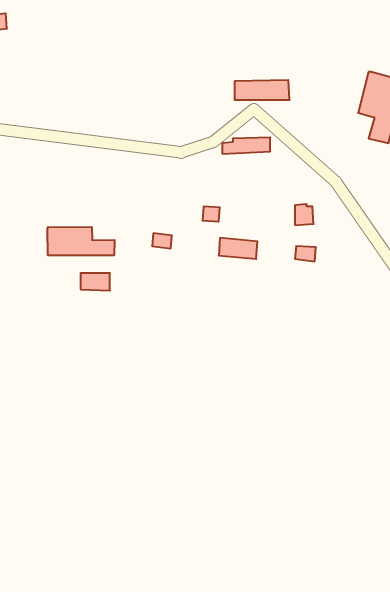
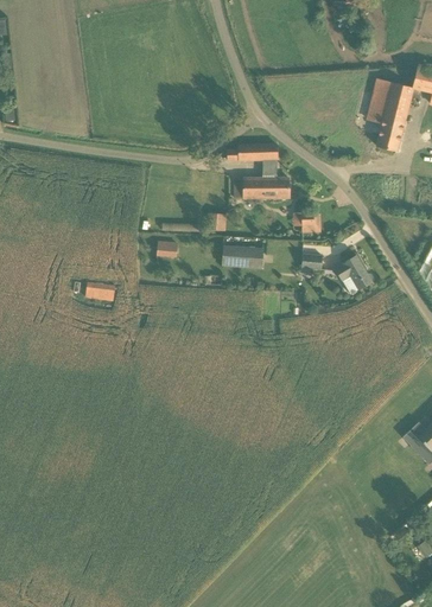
building: [235,80,290,100] -> [234,178,290,198]
building: [48,227,115,255] -> none
building: none -> [335,255,373,290]

